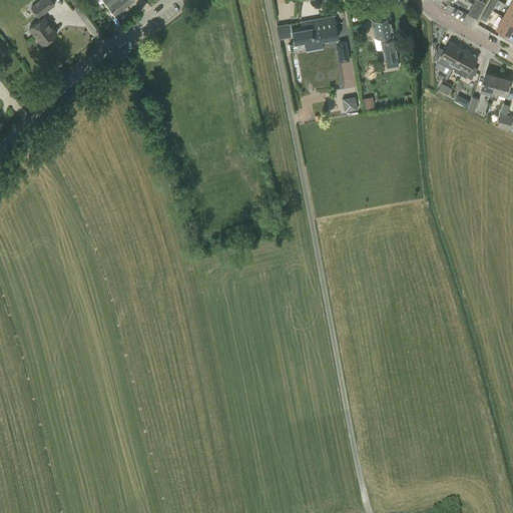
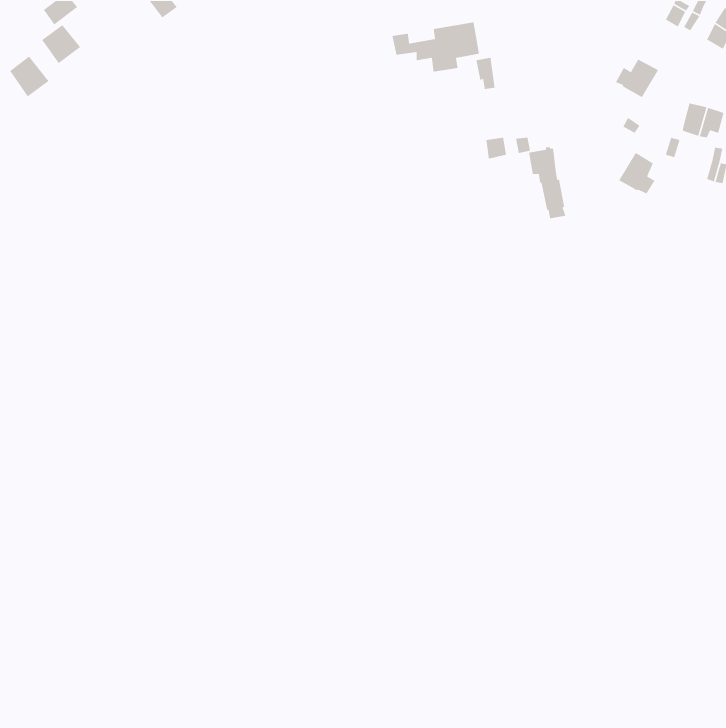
building: [373,16,400,67] -> [528,146,566,219]
building: none -> [9,55,50,98]
building: [453,49,479,79] -> [618,152,655,195]

